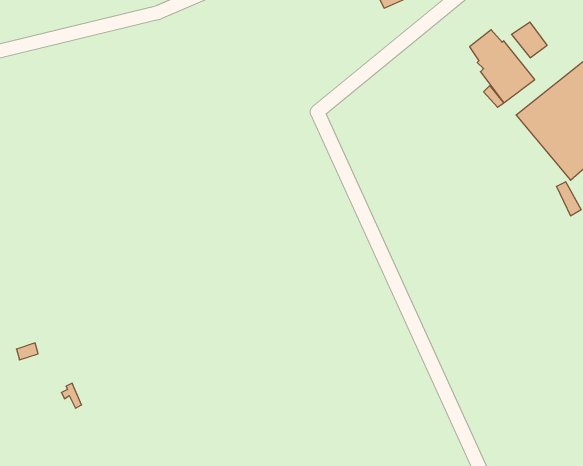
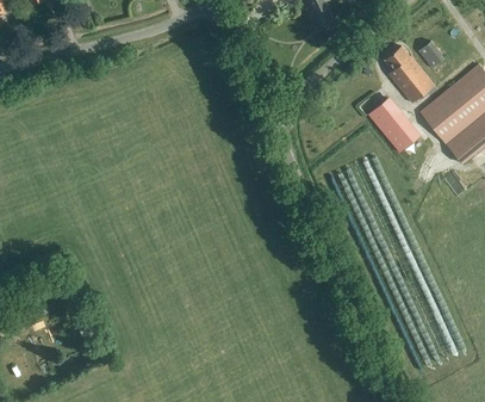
building: none -> [368,95,421,153]

